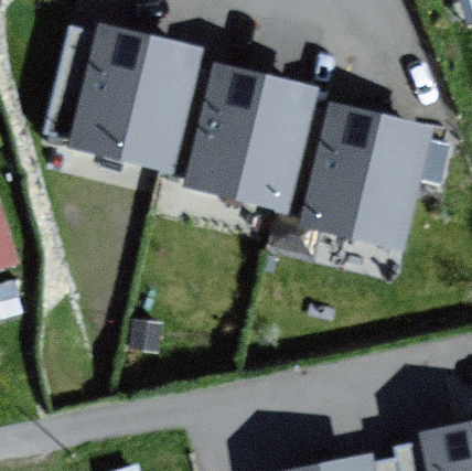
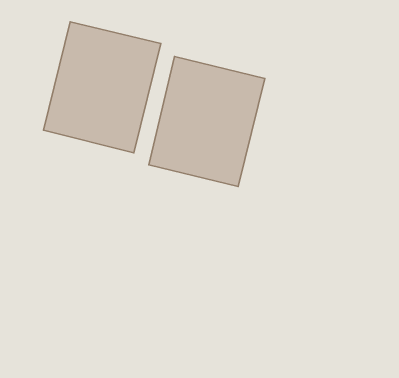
building: [302,101,432,247] -> none

